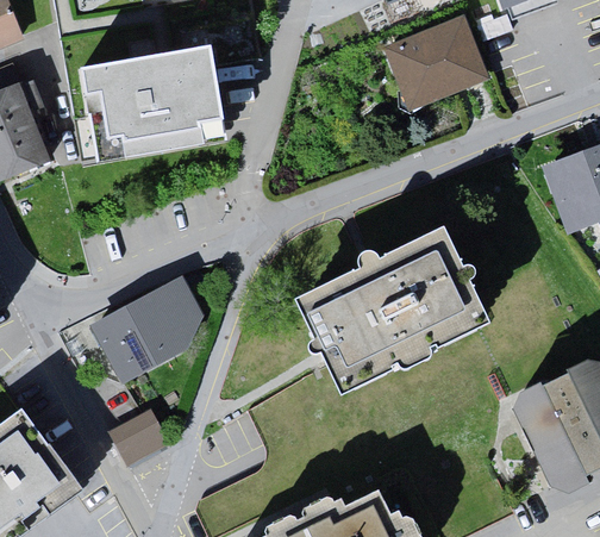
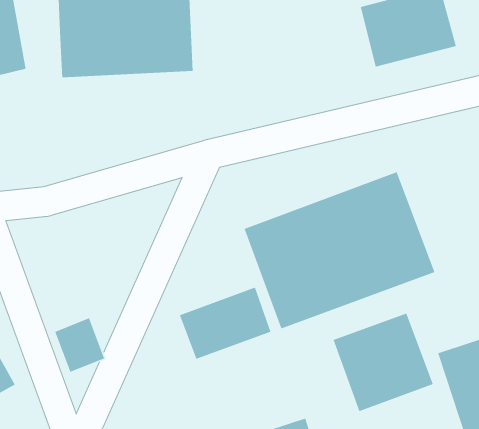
building: [90,271,204,385] -> none
building: none -> [179,287,272,360]
building: none -> [333,313,434,412]

